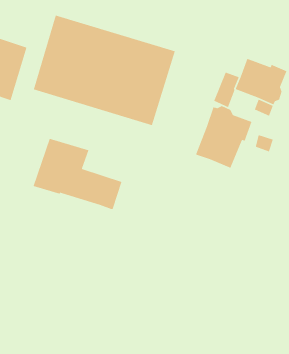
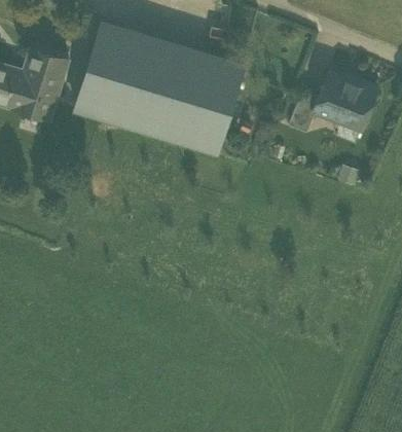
building: [195,105,253,169] -> none
building: [33,138,122,210] -> none

